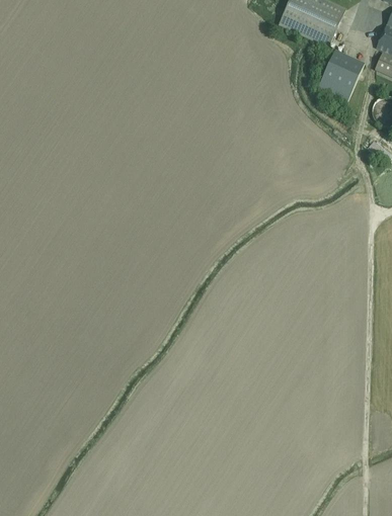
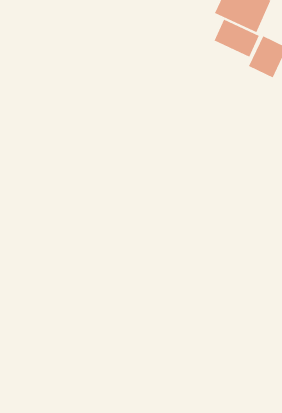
building: none -> [214,19,259,58]

